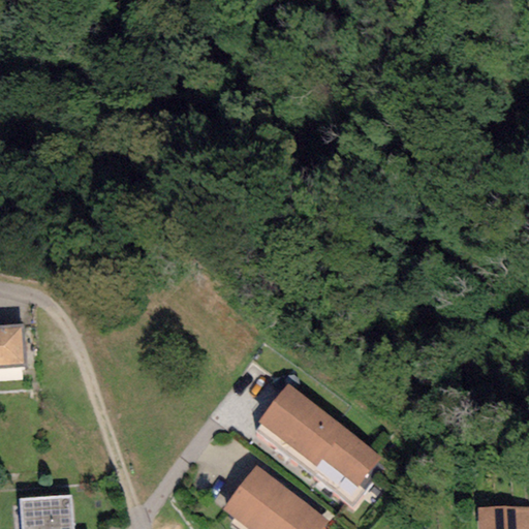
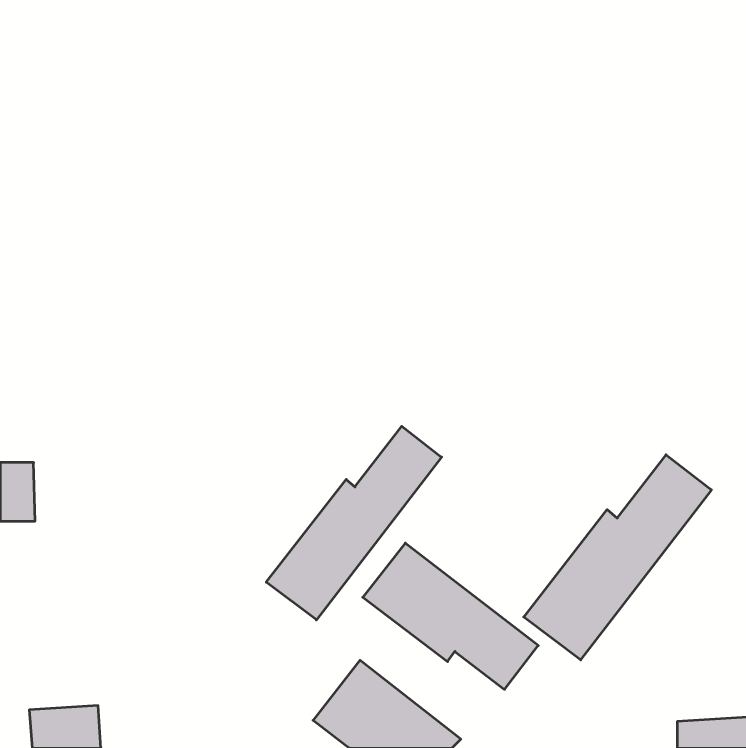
building: none -> [266,426,442,620]
building: none -> [524,455,711,660]

